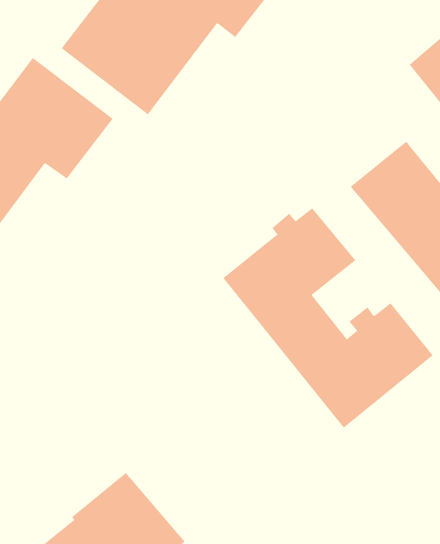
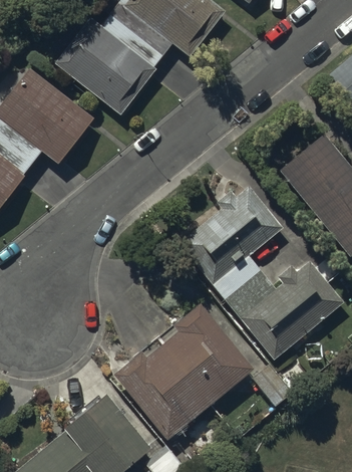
building: none -> [112,303,254,440]

